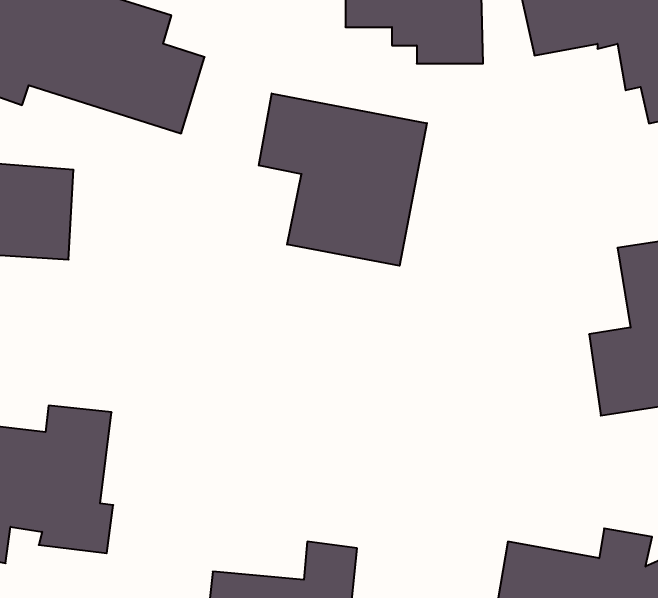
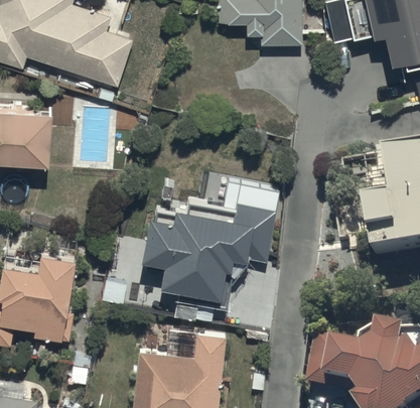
building: [259,93,427,266] -> none
building: none -> [143,178,281,304]

